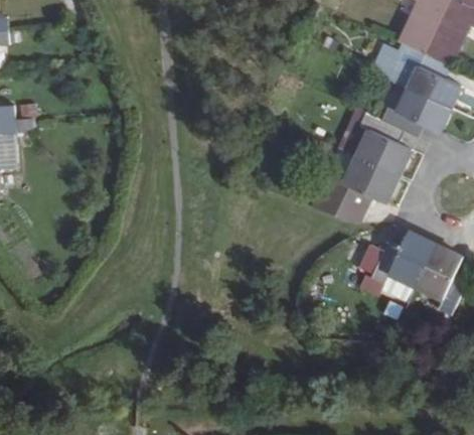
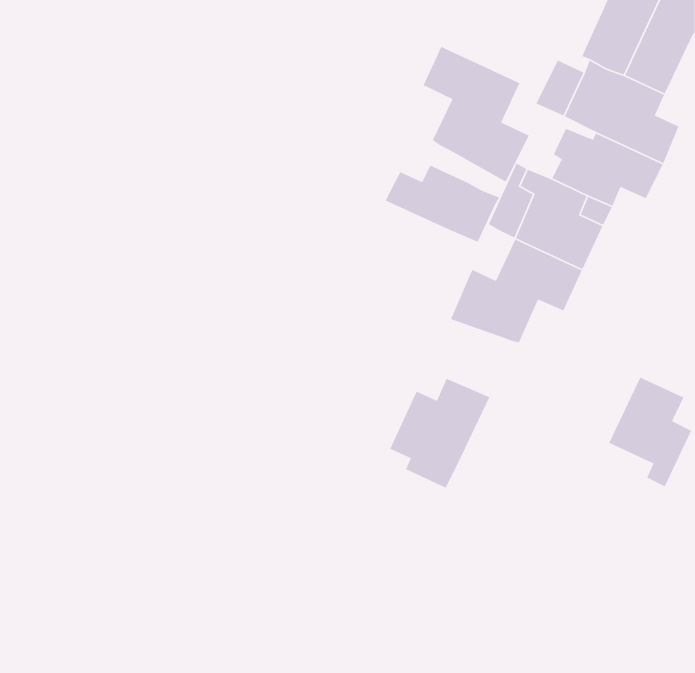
building: none -> [423,46,530,183]
building: none -> [384,164,500,243]
building: [370,233,435,303] -> [389,378,491,489]

